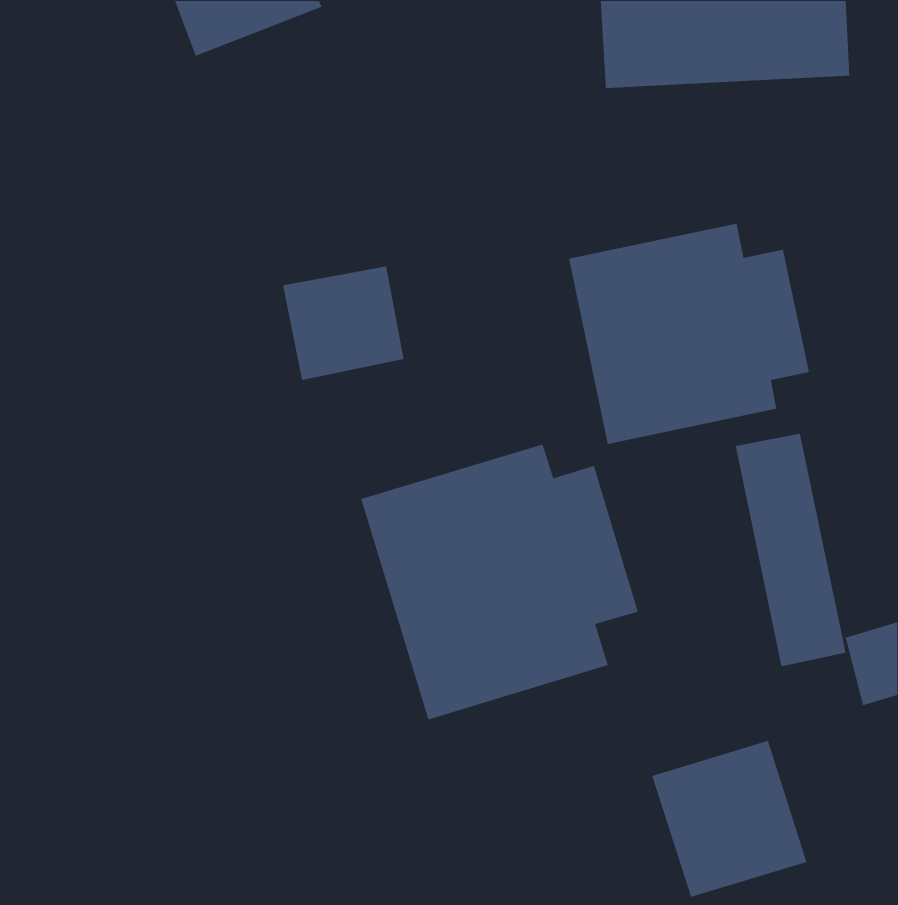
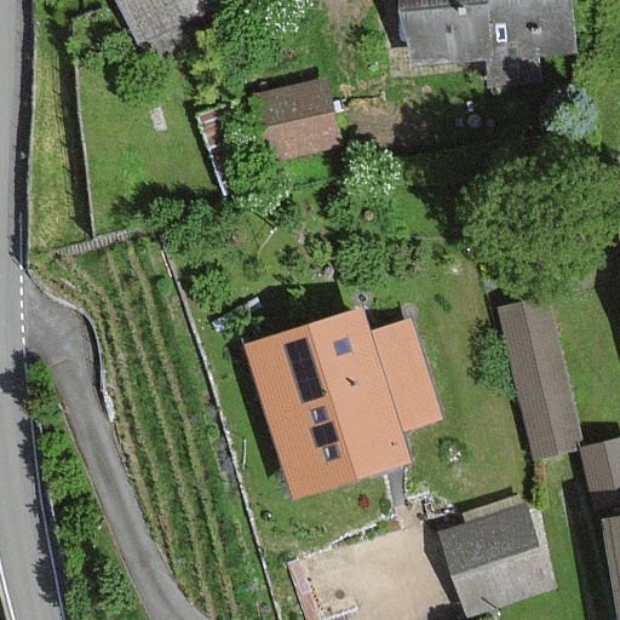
building: [568,223,810,445] -> none
building: [282,265,404,381] -> [254,82,338,161]

